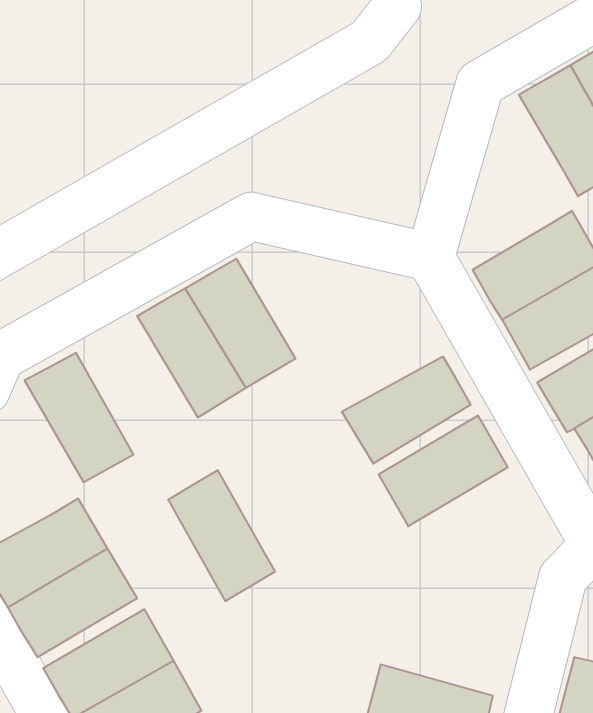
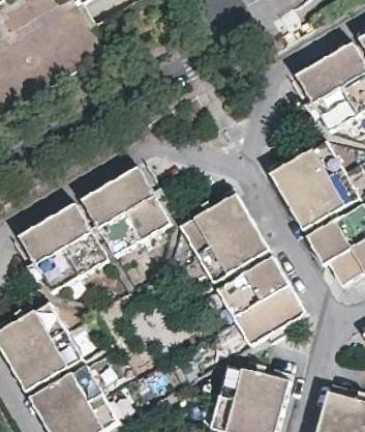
building: none -> [179,193,252,253]
building: none -> [233,284,304,344]
building: [168,470,275,601] -> [47,203,107,277]
building: none -> [217,364,288,412]

